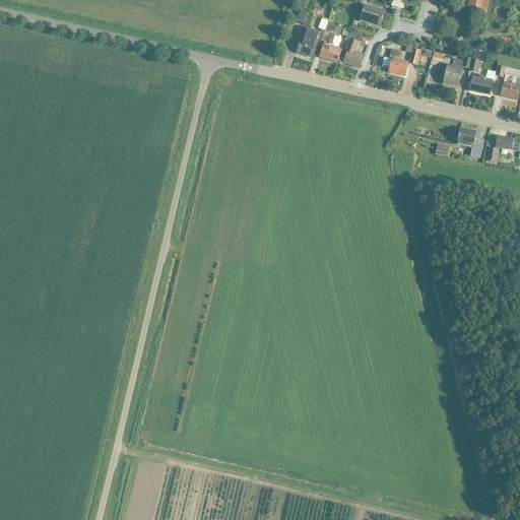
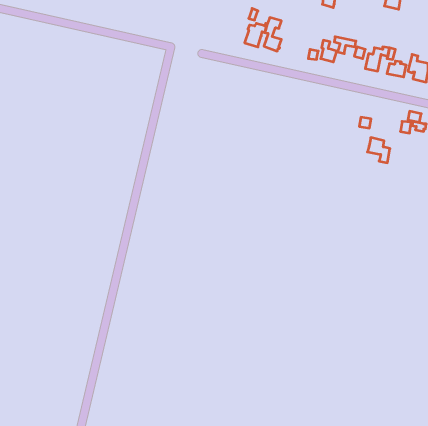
building: [360,4,385,26] -> none
building: [344,31,364,67] -> none
building: [456,127,483,157] -> [367,138,390,163]

